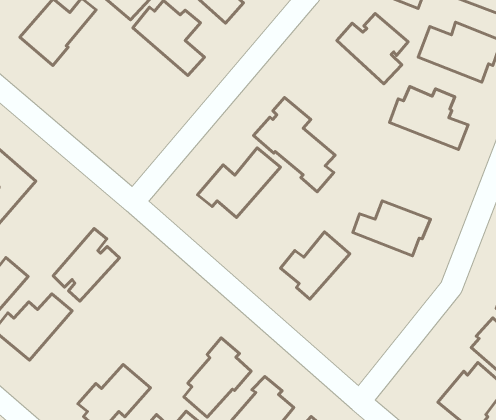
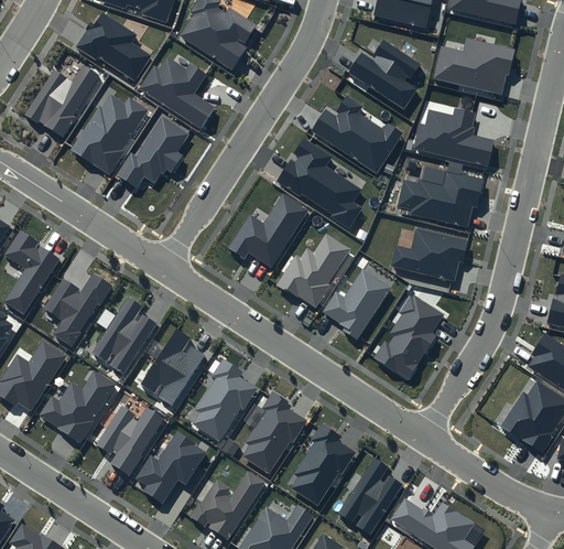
building: none -> [72,95,149,174]
building: none -> [116,117,188,190]
building: none -> [312,95,403,173]
building: none -> [399,161,485,227]
building: none -> [278,234,350,309]
building: none -> [45,273,112,346]
building: none -> [375,295,444,378]
building: none -> [140,329,205,405]
building: none -> [193,358,258,441]
building: none -> [96,406,165,476]

